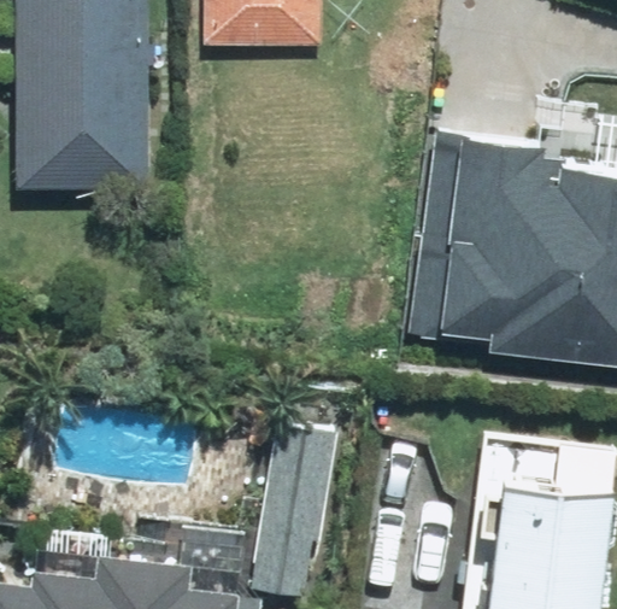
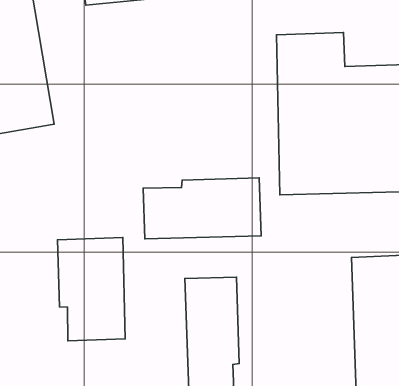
building: none -> [143,178,261,239]
building: none -> [57,238,125,341]

